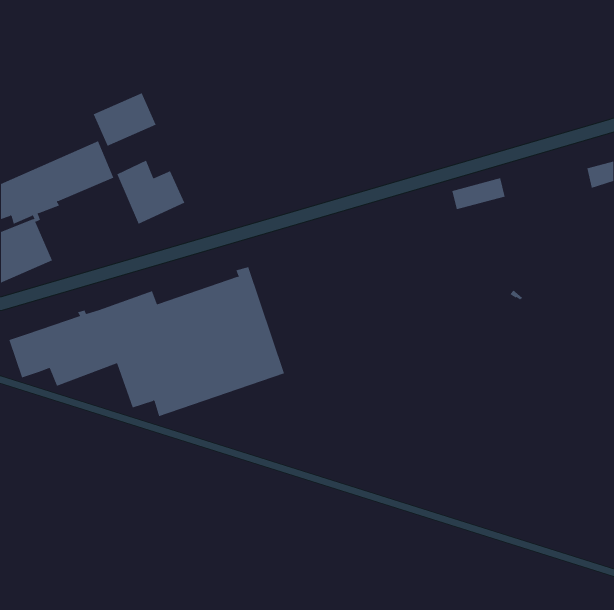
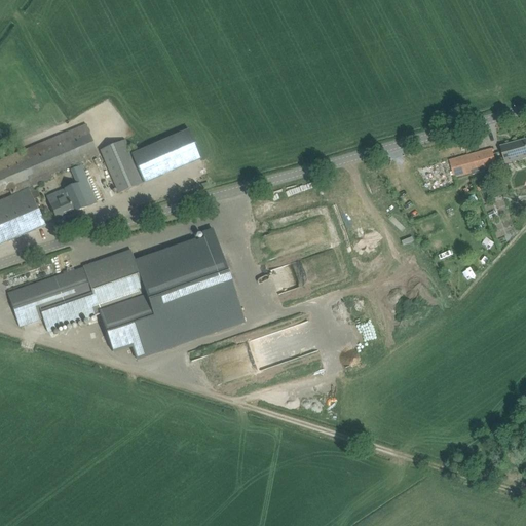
building: [93,93,157,147] -> [146,127,200,174]
building: [451,177,506,210] -> [450,147,496,175]
building: none -> [47,163,97,218]

